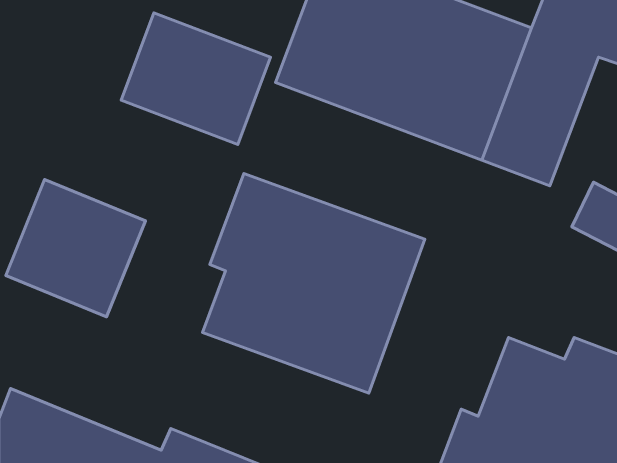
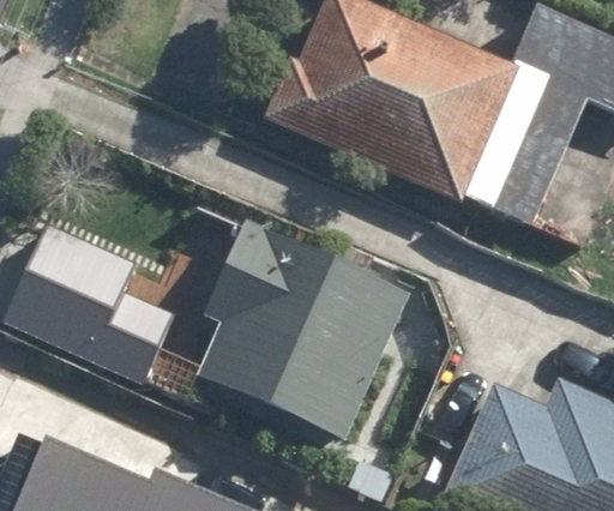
building: [121,13,271,144] -> none

